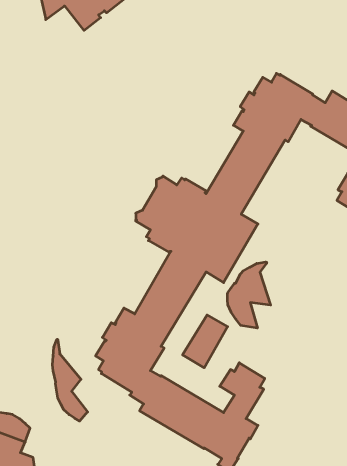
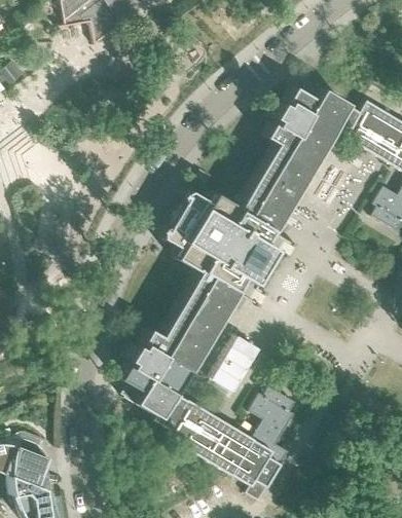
building: [227,262,271,328] -> none
building: [52,339,88,421] -> none

